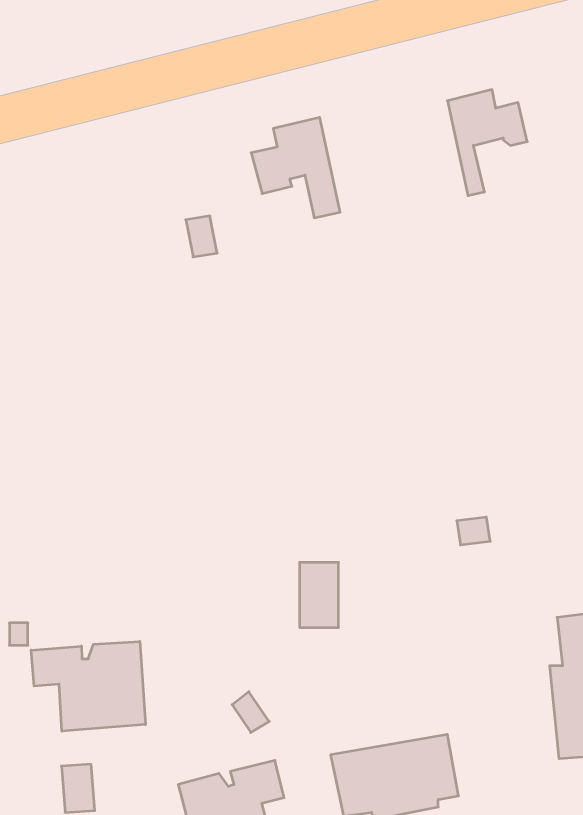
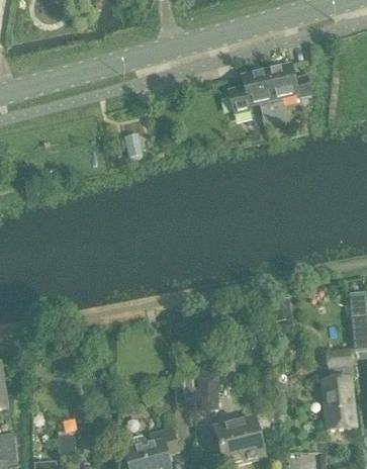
building: [251,117,340,218] -> [230,69,278,123]
building: [300,562,339,627] -> [197,374,218,409]
building: [31,641,145,731] -> none

